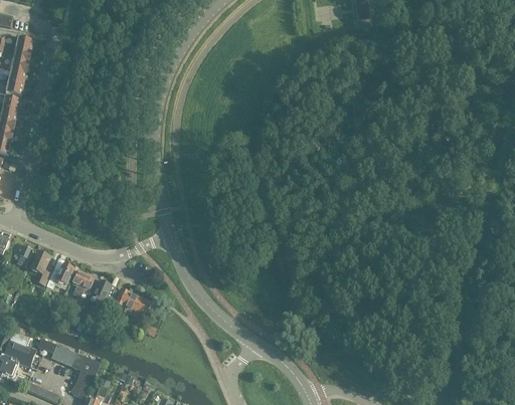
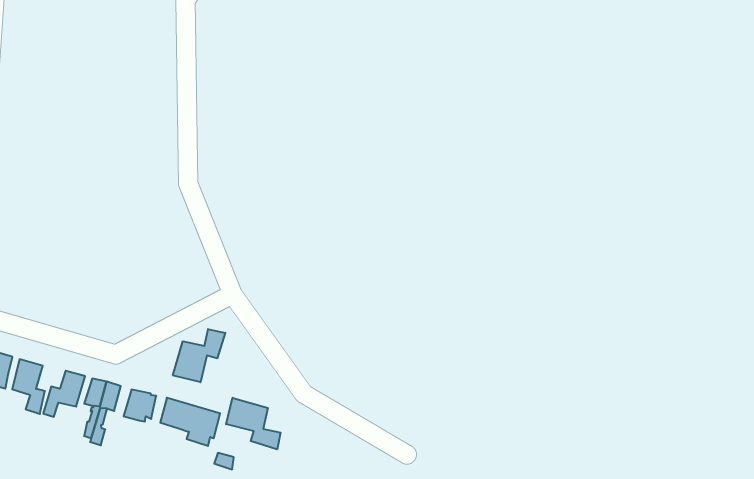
building: none -> [173,329,225,382]
building: none -> [226,398,281,449]

